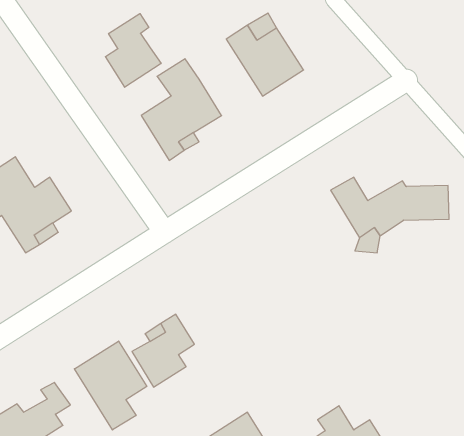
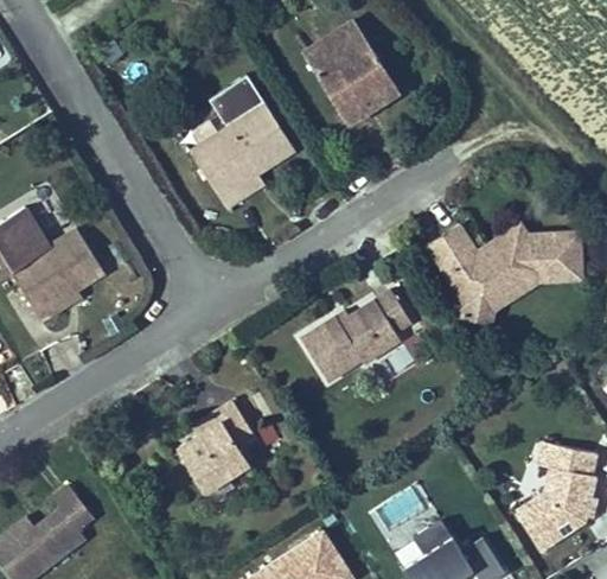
building: [105,14,161,87] -> none
building: none -> [300,287,416,377]
building: [74,341,147,430] -> none
building: none -> [513,441,593,547]

